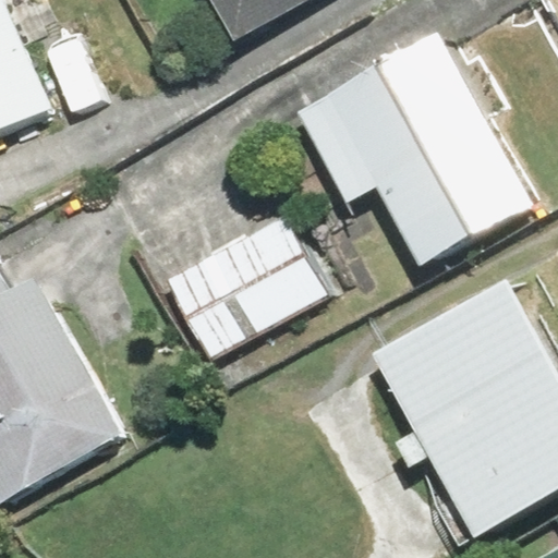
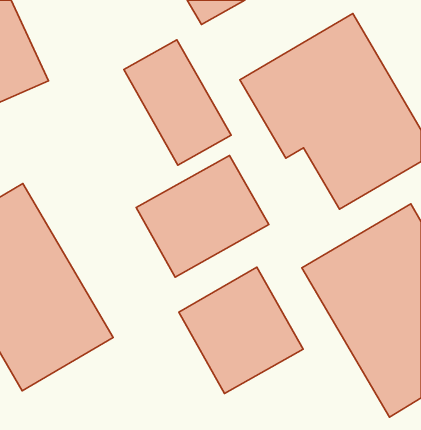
building: none -> [124,40,231,165]
building: none -> [179,267,303,393]

